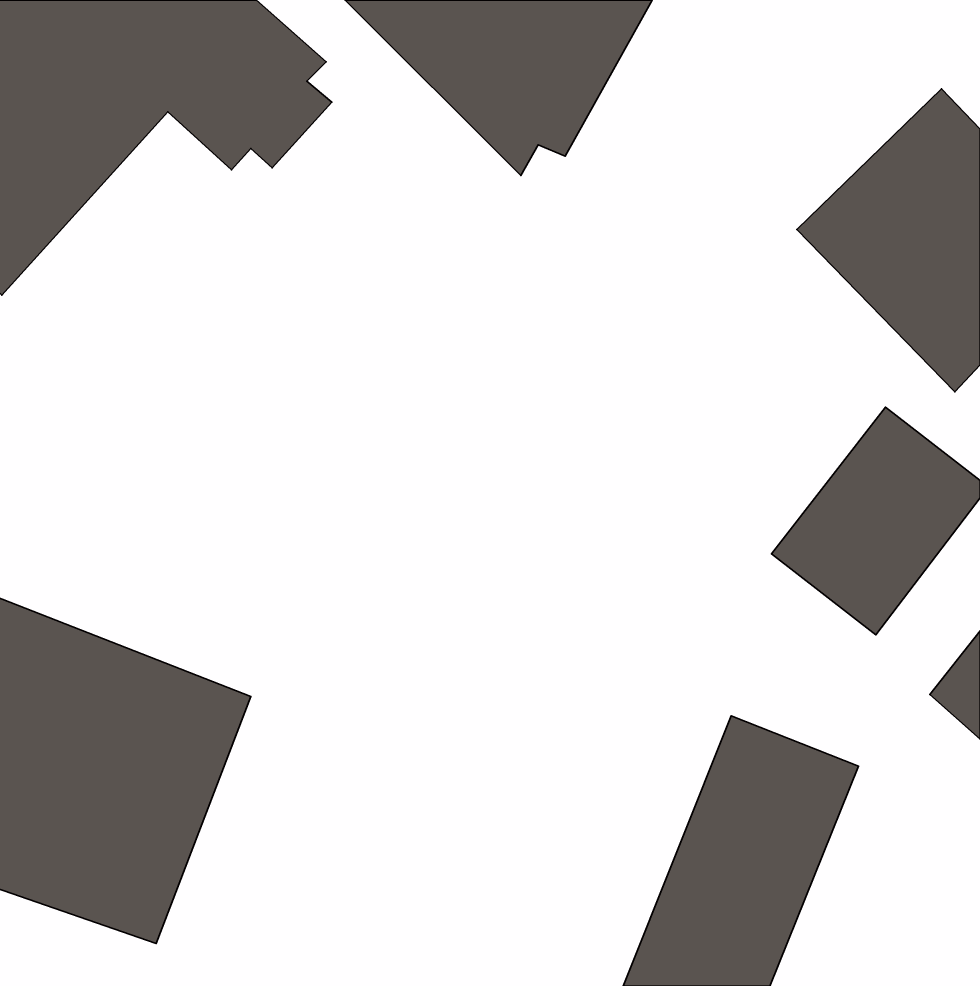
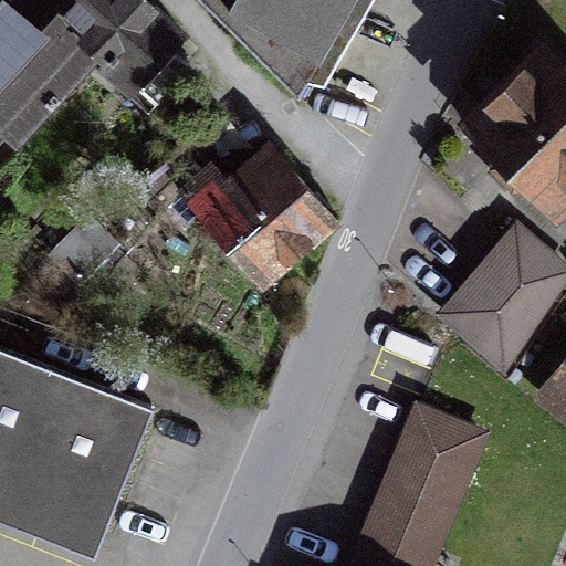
building: none -> [189,143,325,279]

